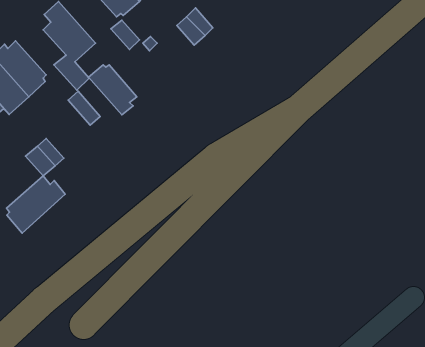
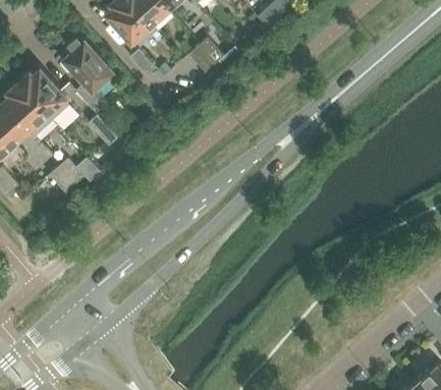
building: [89,65,137,115] -> none
building: [7,176,65,233] -> none

